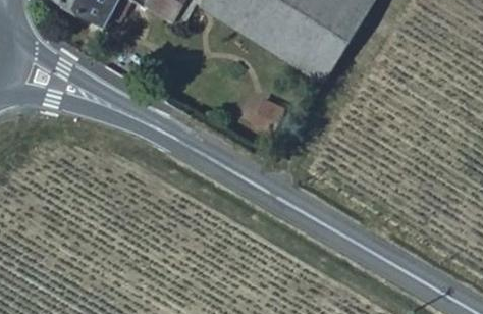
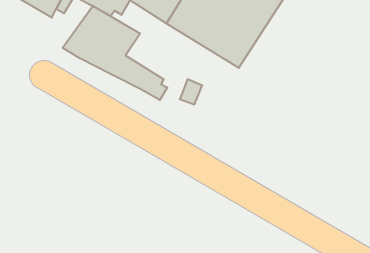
building: none -> [63,6,167,100]

